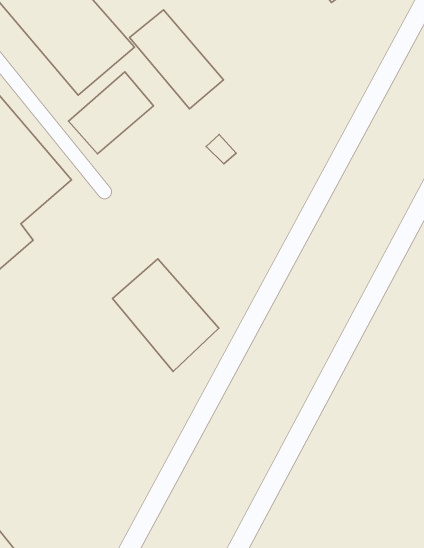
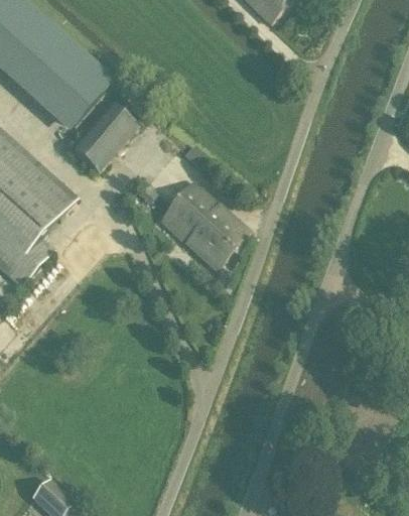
building: [129,10,224,109] -> none
building: [113,259,219,371] -> [160,181,250,271]

